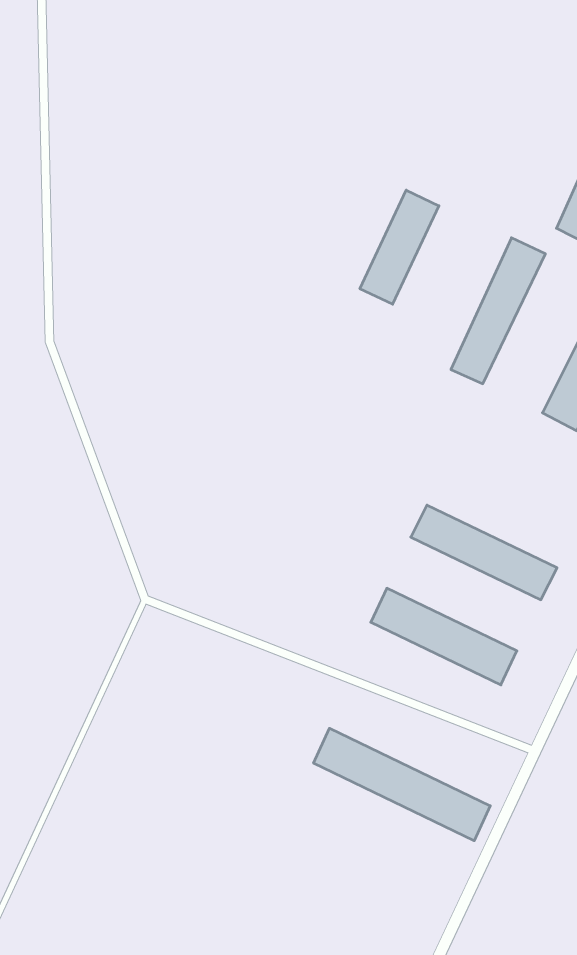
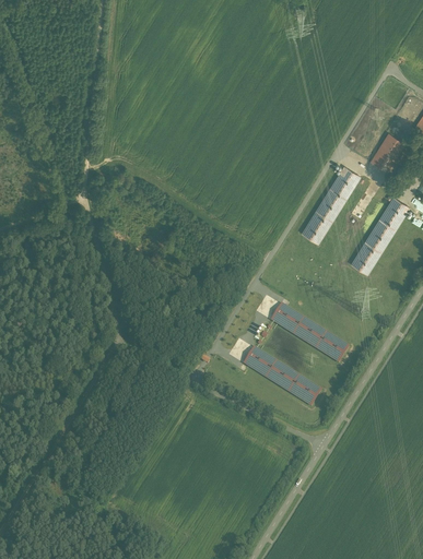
building: [360,190,439,304] -> none
building: [314,728,490,841] -> none

